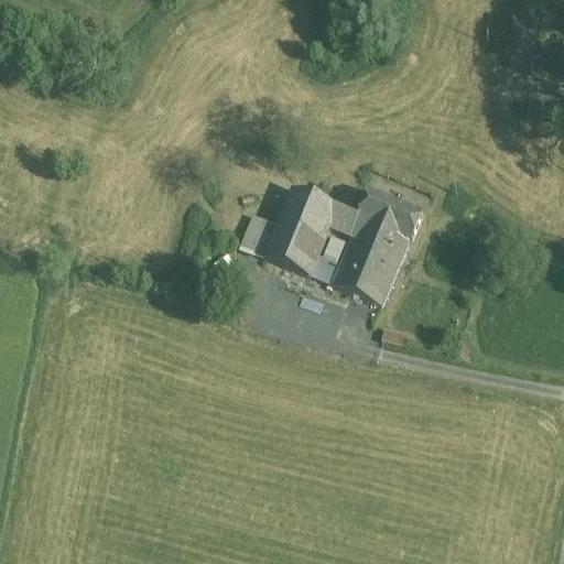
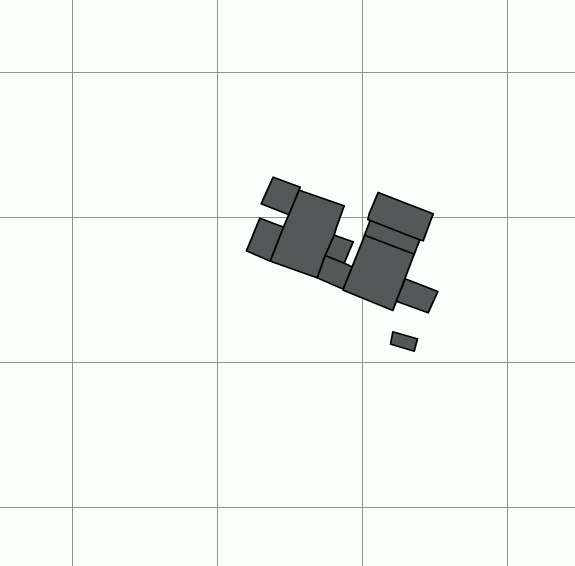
building: none -> [261,177,300,215]
building: [329,202,362,234] -> none
building: none -> [396,279,438,313]

